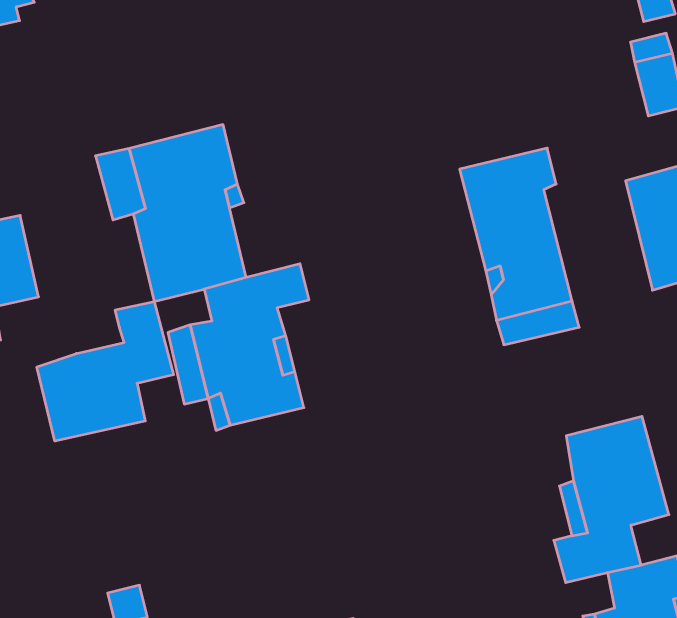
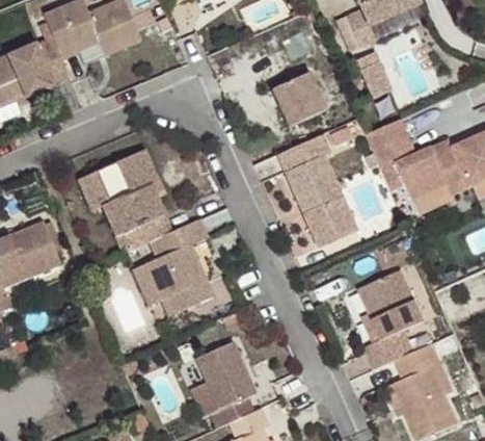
building: none -> [269,69,325,123]
building: [37,302,174,441] -> none
building: none -> [193,339,255,408]

